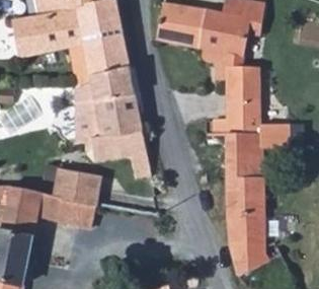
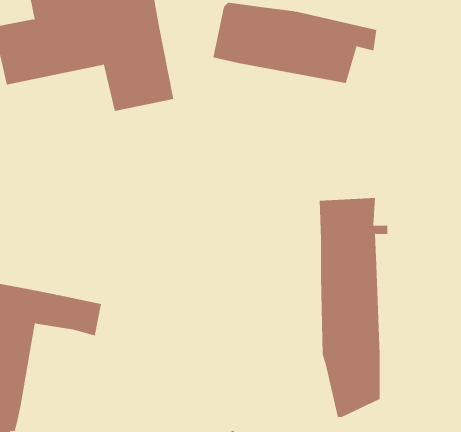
building: [73,66,152,177] -> none
building: [213,66,289,149] -> none
building: [52,167,102,204] -> none

